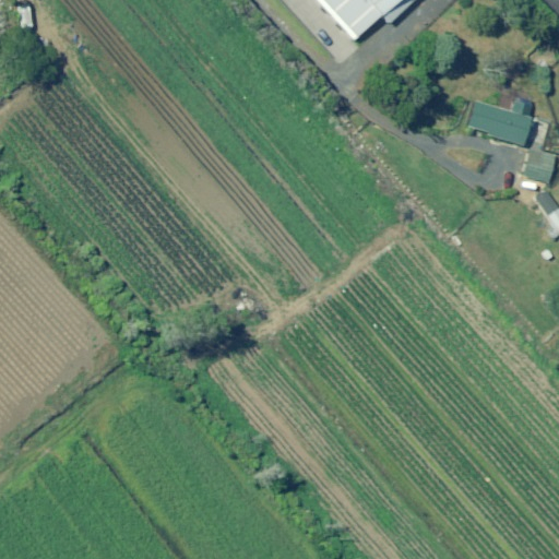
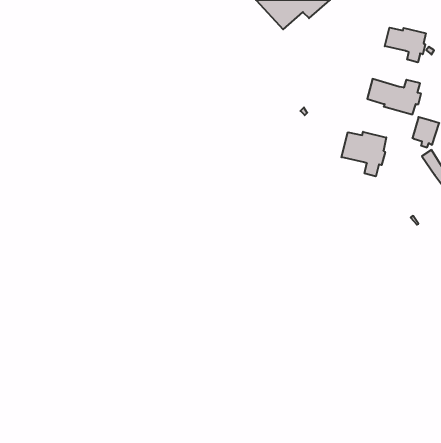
building: none -> [385,28,426,62]
building: none -> [341,132,386,176]

